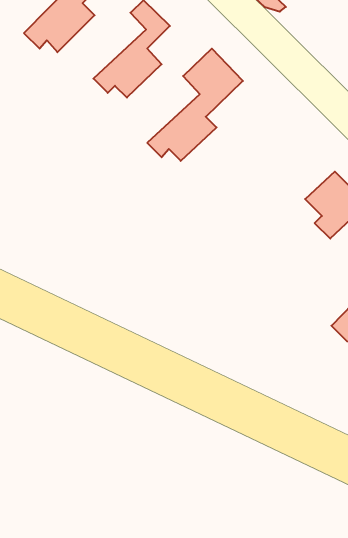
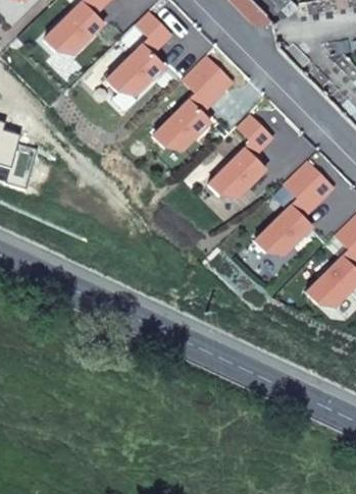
building: none -> [206,115,270,200]
building: none -> [255,203,315,255]

